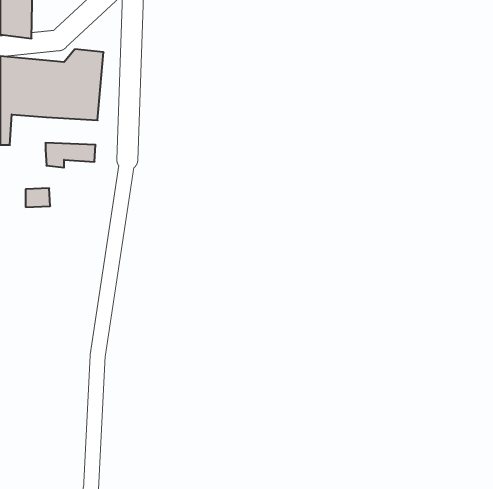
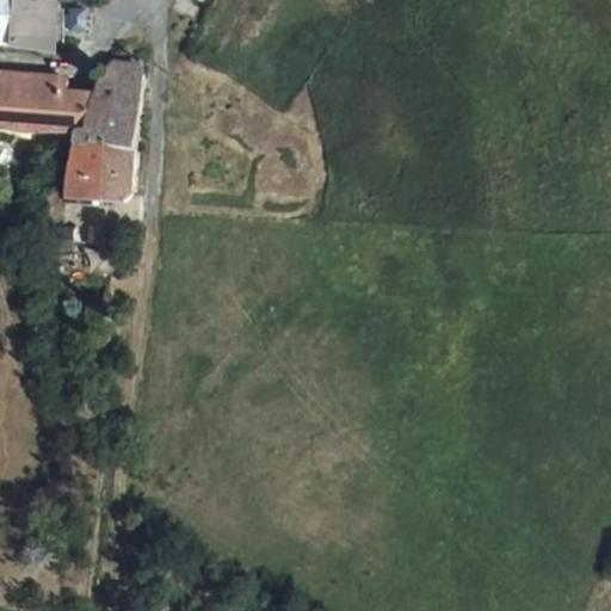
building: none -> [68,142,131,175]

